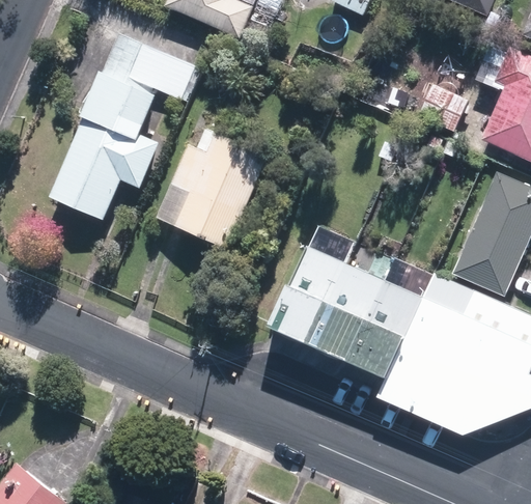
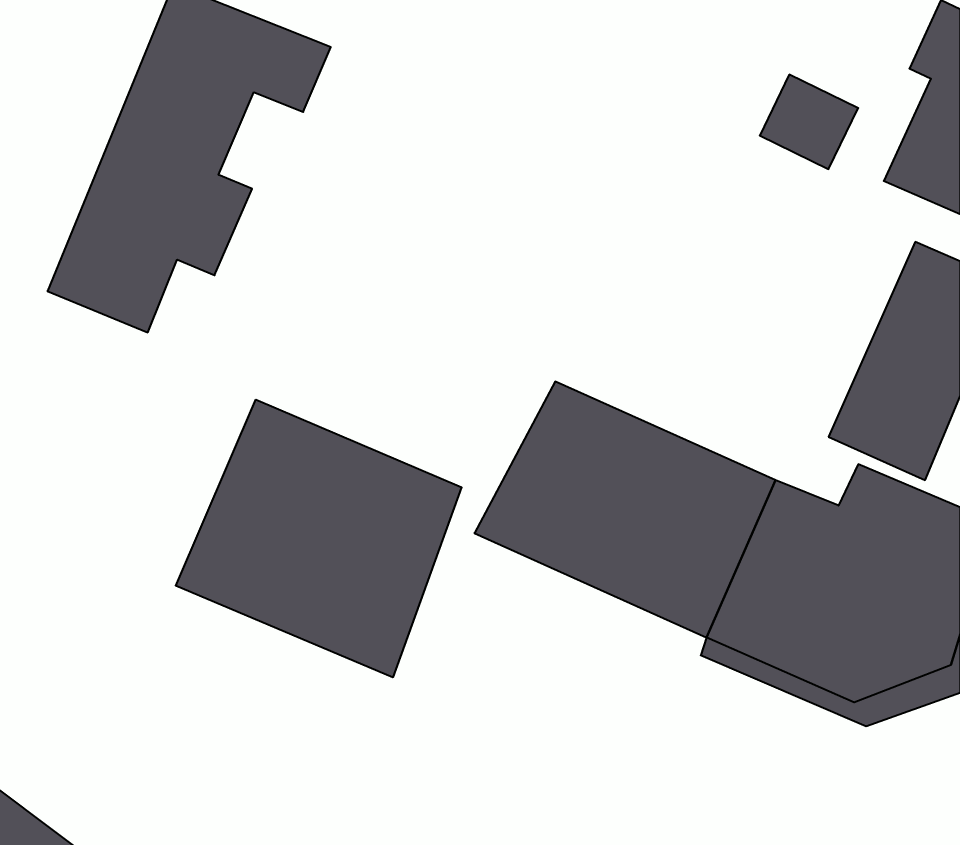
building: [155,133,270,249] -> none
building: none -> [176,400,462,677]

